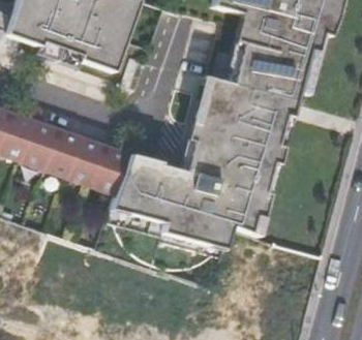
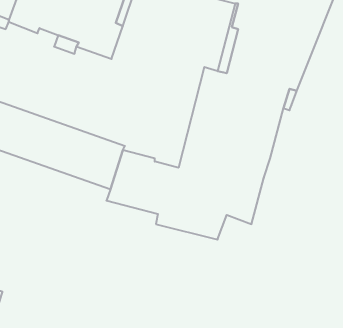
building: [131,74,213,178] -> none

